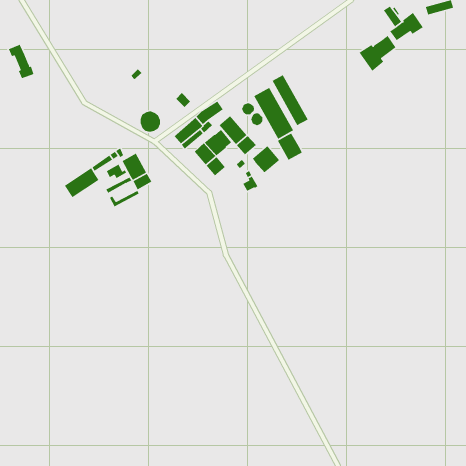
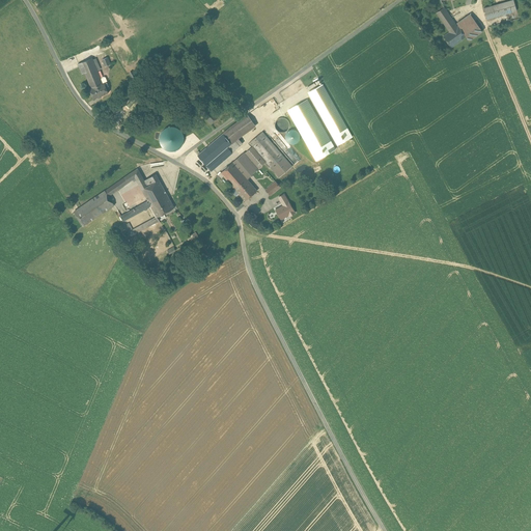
building: [359,35,397,72] -> none
building: [8,43,34,79] -> [77,57,107,97]
building: [277,132,303,161] -> none
building: [252,145,280,173] -> none

